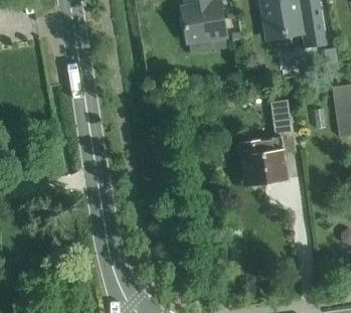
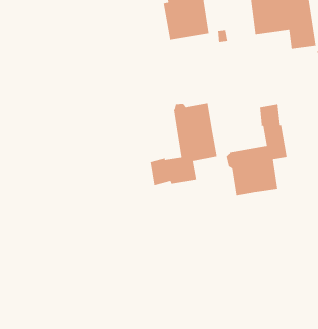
building: none -> [150,103,217,186]

